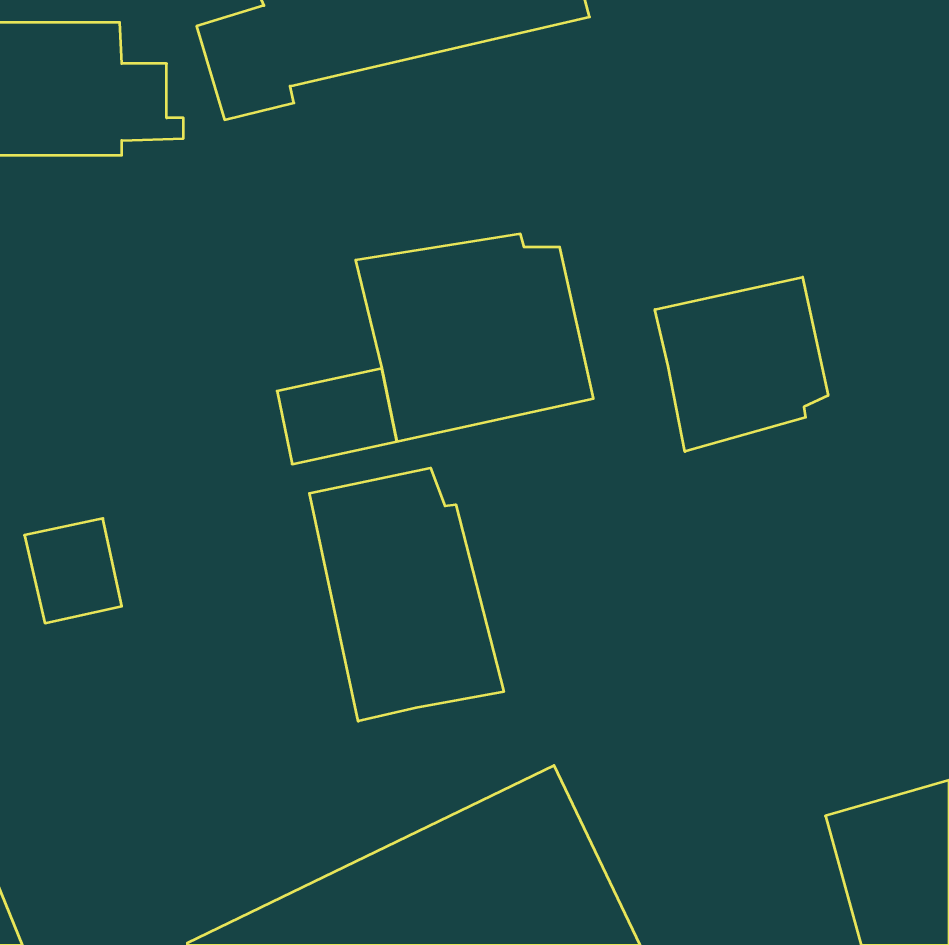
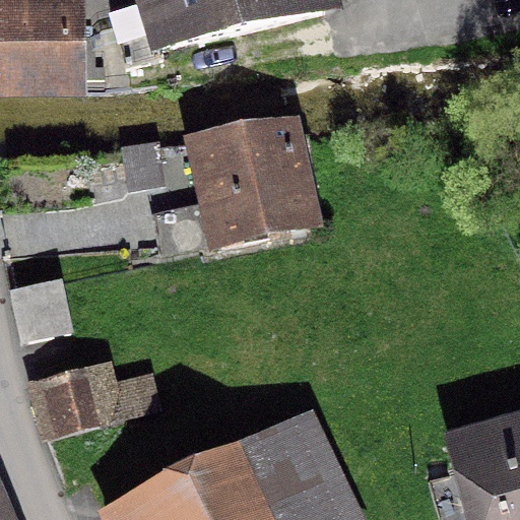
building: [655,277,828,452] -> none
building: [309,468,504,721] -> none
building: none -> [27,362,153,427]

